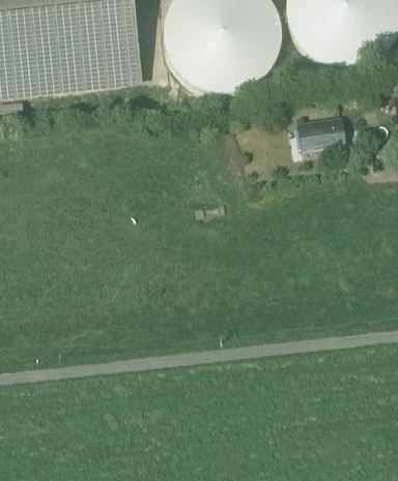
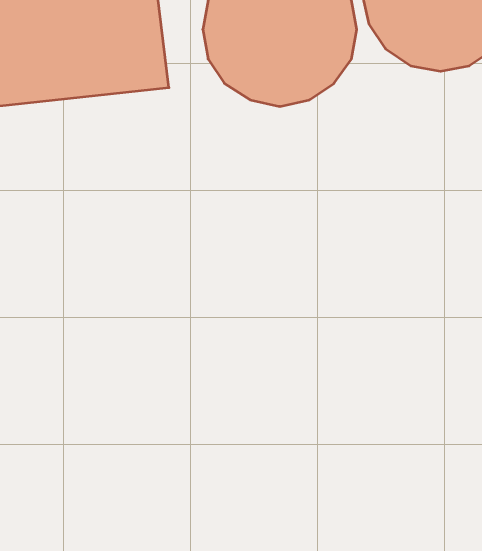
building: [297,122,342,153] -> none

